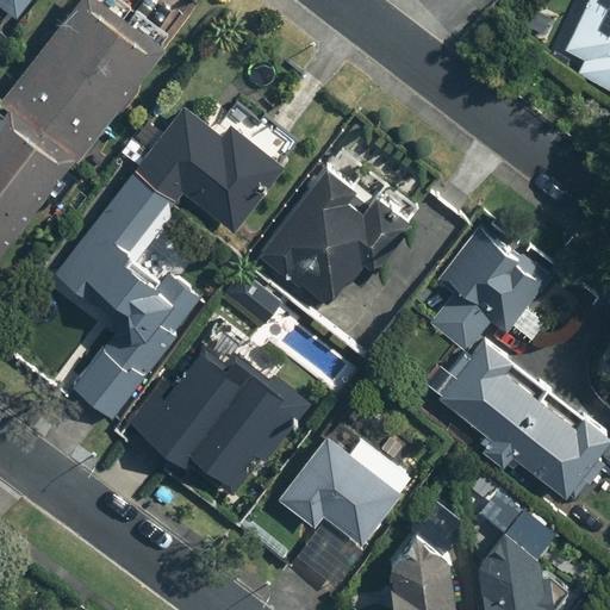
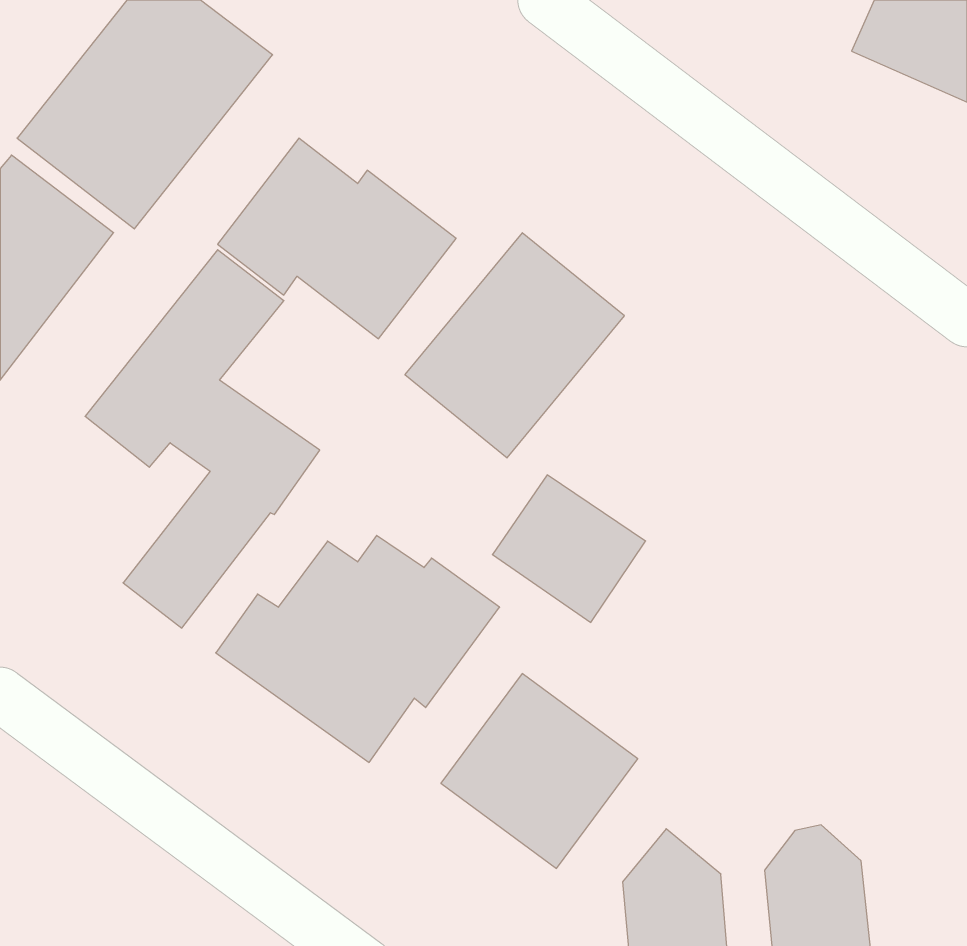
building: [423,232,519,325] -> [492,475,646,622]
building: [409,344,603,508] -> none

